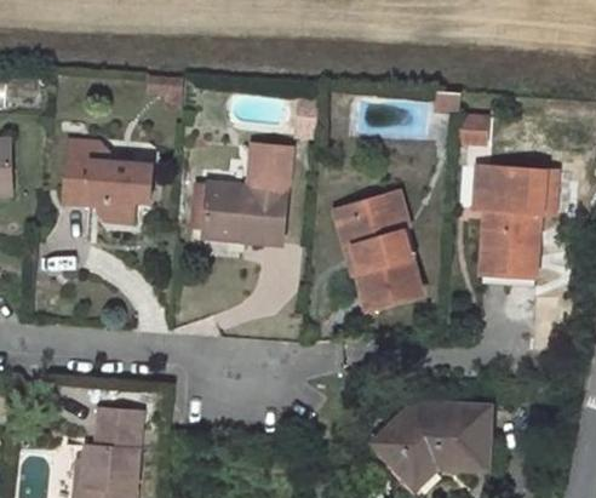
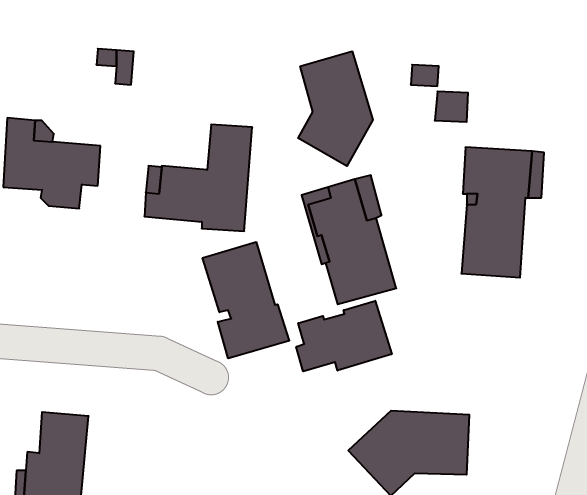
building: none -> [298,51,373,166]
building: none -> [203,242,289,358]
building: none -> [296,301,392,371]

